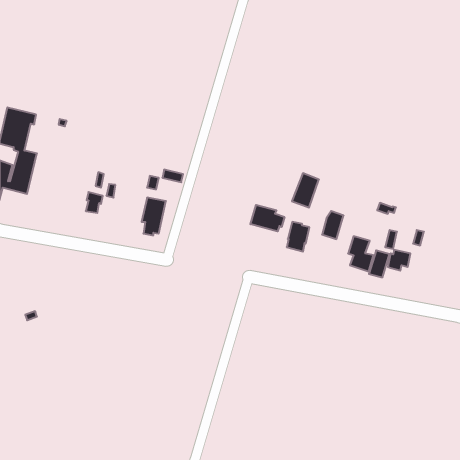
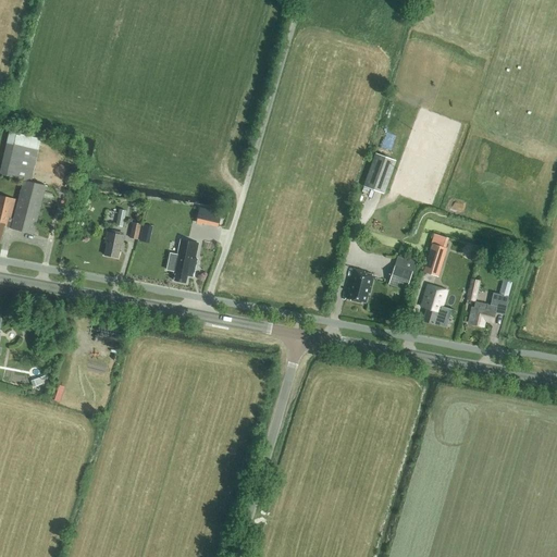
building: [292,173,319,208] -> [362,151,395,193]
building: [250,205,284,231] -> none
building: [369,250,390,277] -> [421,243,446,275]

